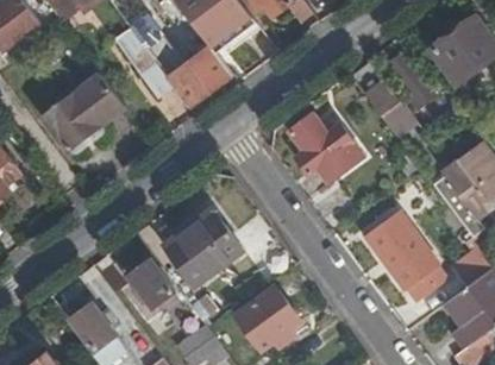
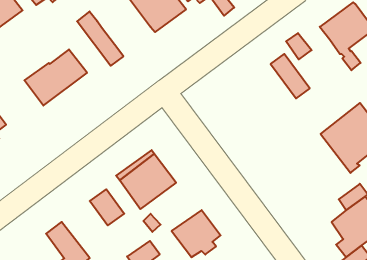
building: [127,19,230,107] -> none
building: [288,113,363,182] -> none
building: [364,208,437,301] -> none

